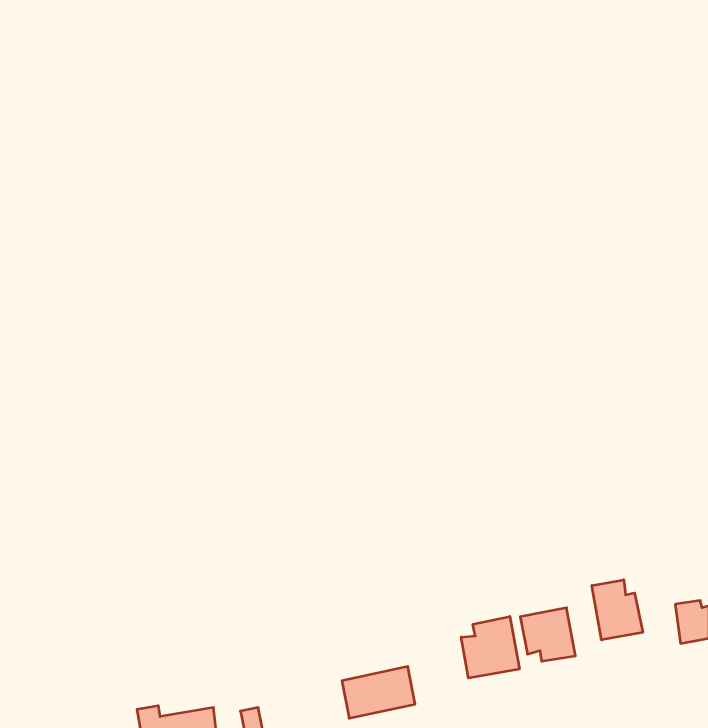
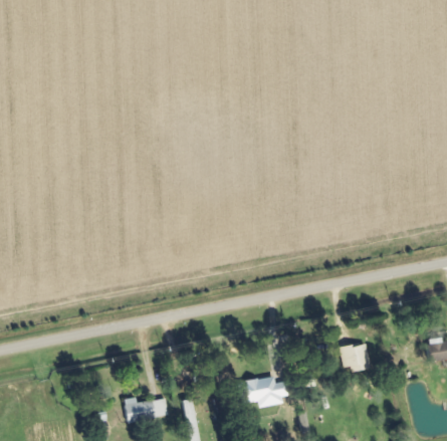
building: [592,580,643,640] -> none
building: [461,616,519,678] -> none

